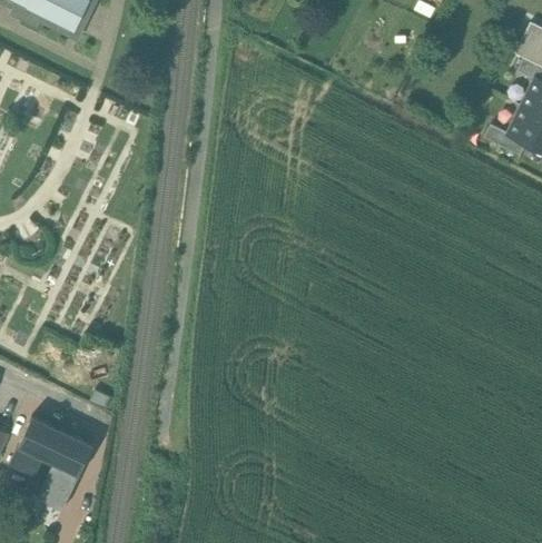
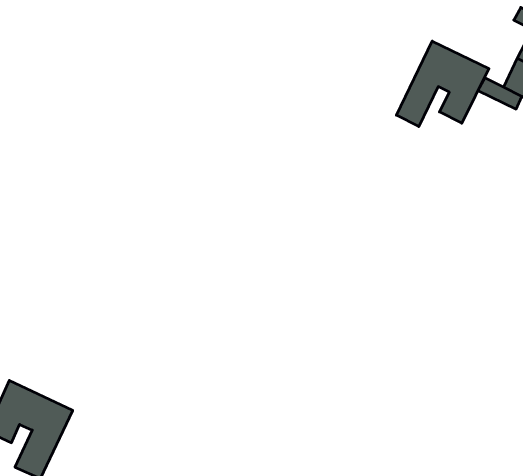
building: none -> [396,41,489,127]

